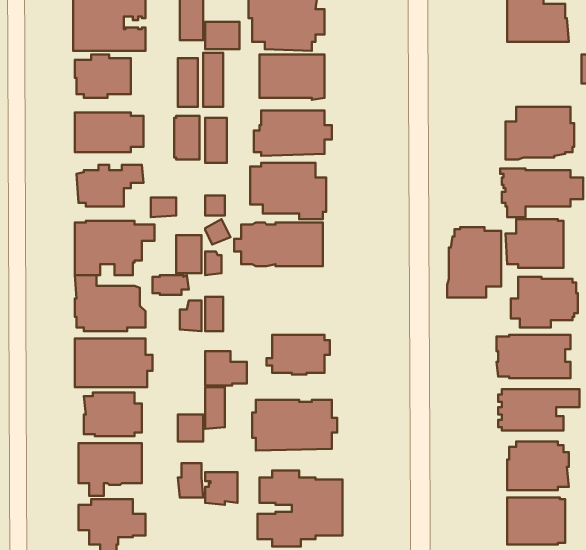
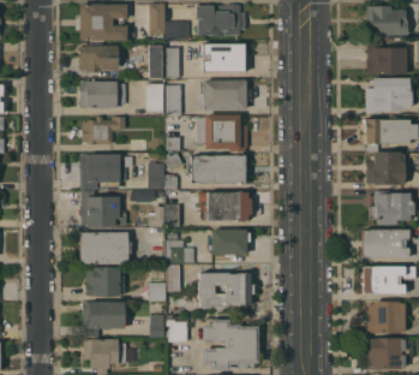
building: none -> [366,41,409,75]
building: [447,227,501,298] -> none
building: none -> [197,192,251,221]

